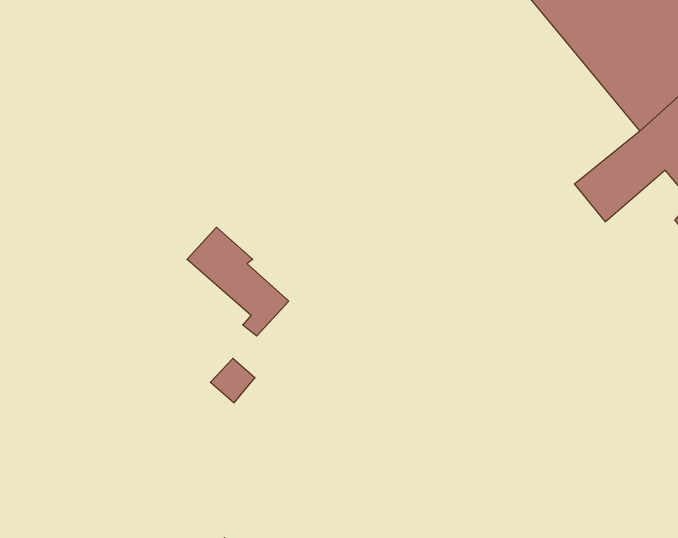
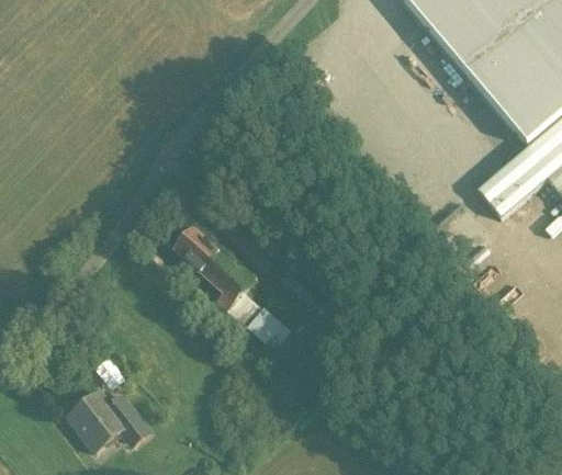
building: [210,358,255,403] -> [246,304,281,339]
building: none -> [68,388,150,448]

